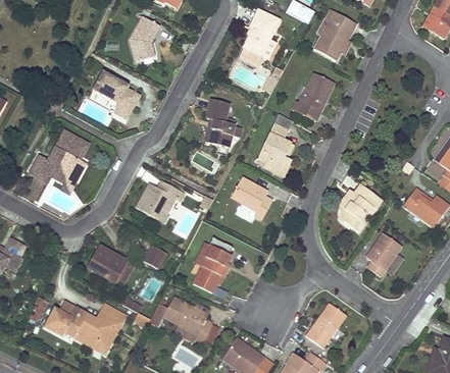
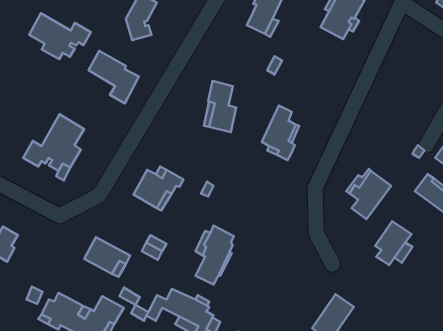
building: none -> [29,13,91,59]
building: [293,72,334,119] -> none
building: [232,176,272,218] -> none

